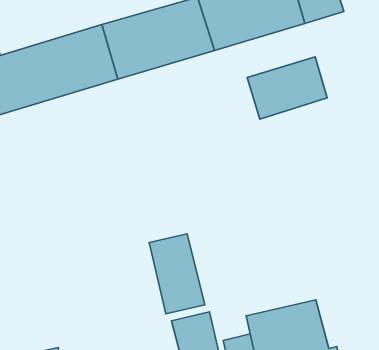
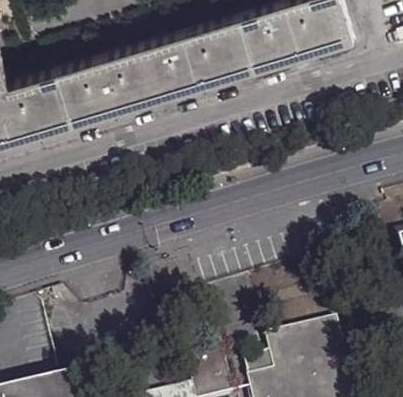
building: [247,57,327,119] -> none
building: [149,234,205,314] -> none

